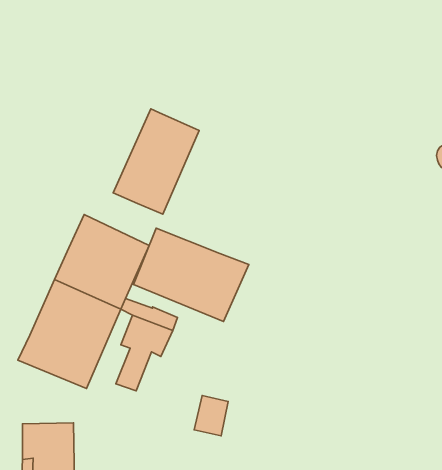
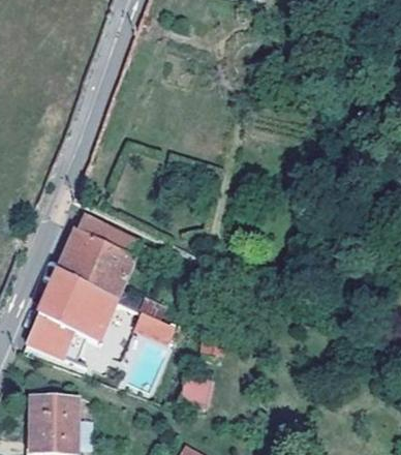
building: [113,109,199,214] -> none
building: [133,228,249,321] -> none

